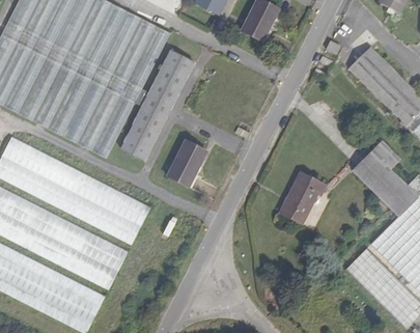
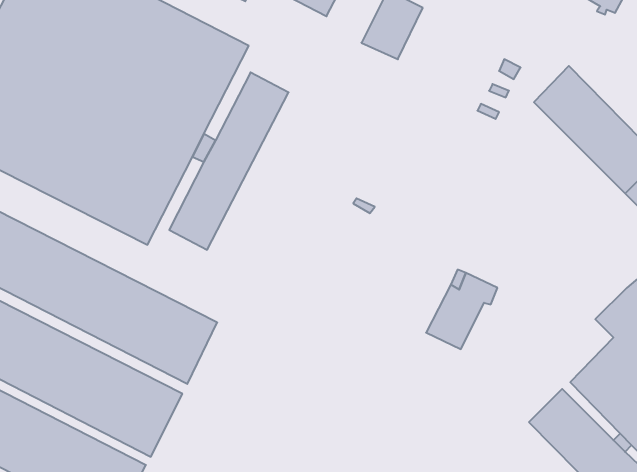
building: [167,140,206,188] -> none
building: [352,141,407,204] -> none

